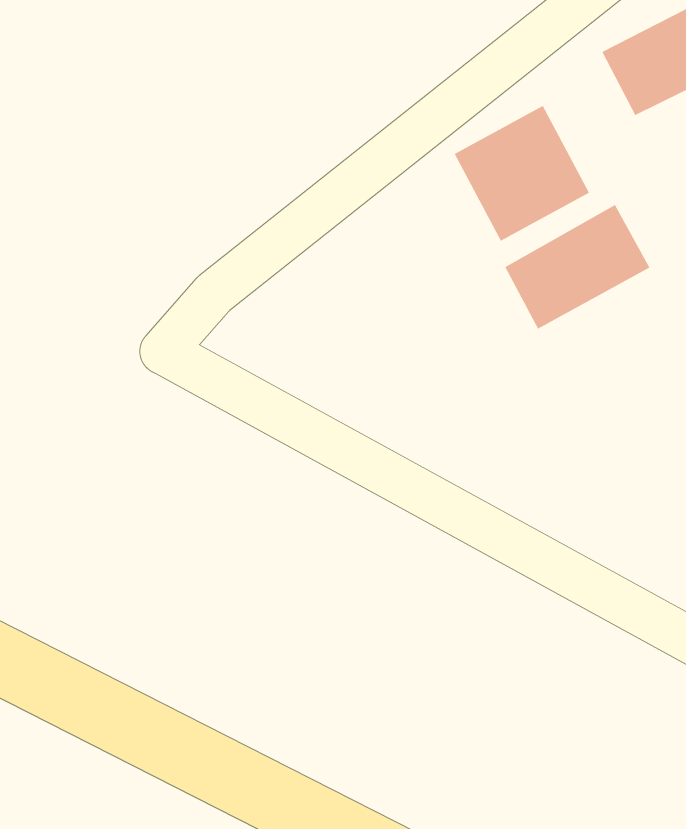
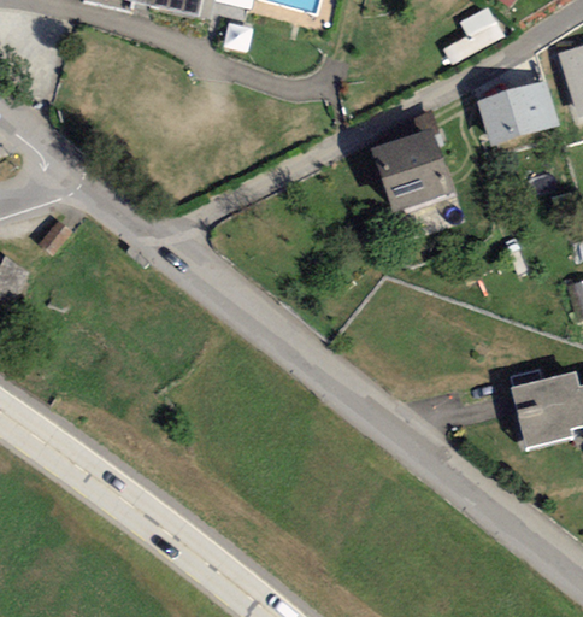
building: [504,204,650,329] -> none

